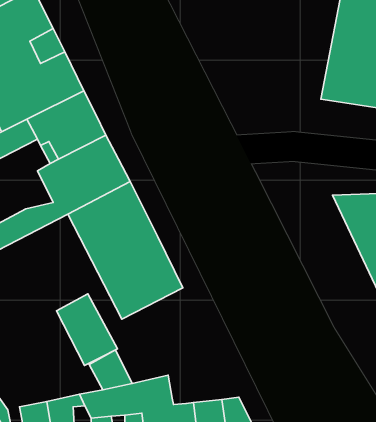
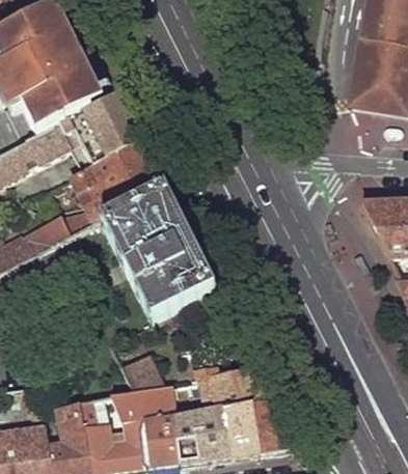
building: [57,294,118,366] -> none
building: none -> [198,369,268,408]

